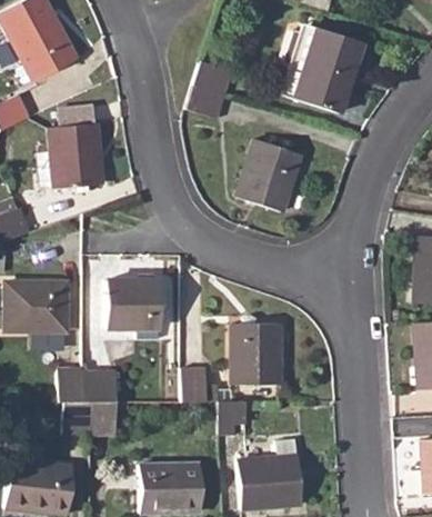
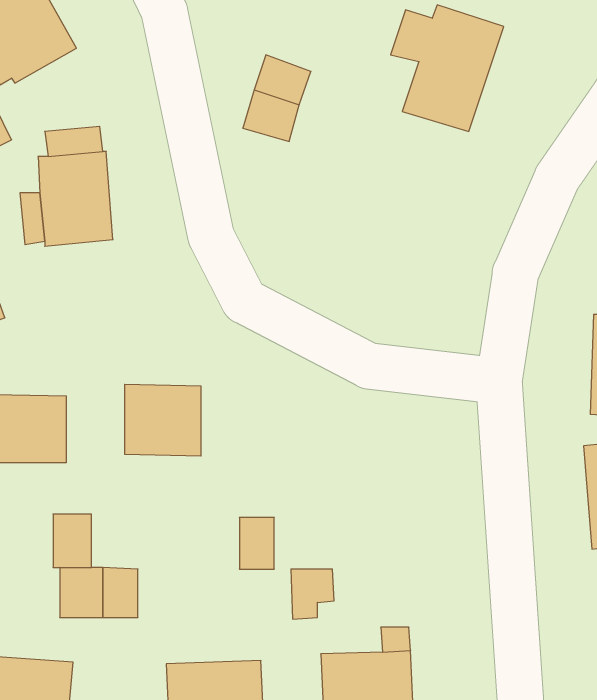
building: [235,137,299,208] -> none
building: [231,322,279,384] -> none
building: [84,369,115,402] -> none

